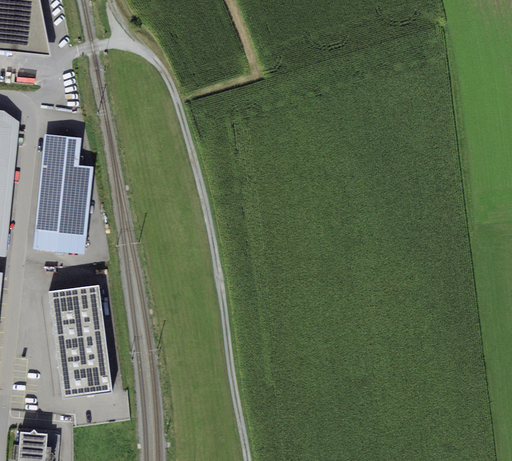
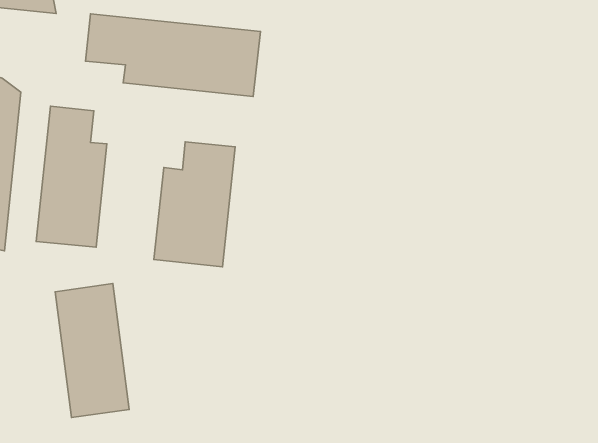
building: none -> [86,14,260,97]
building: none -> [154,142,235,267]

